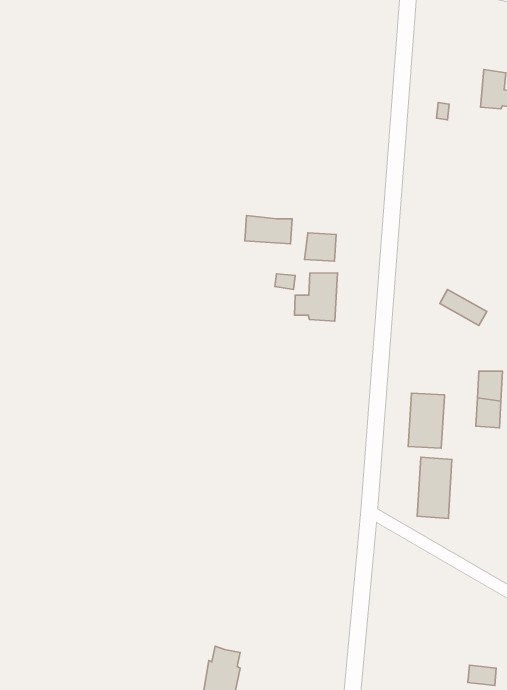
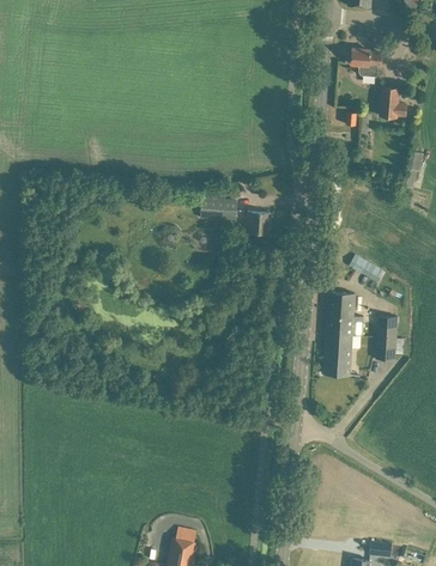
building: none -> [352,49,382,78]
building: [294,273,337,321] -> none
building: none -> [328,292,364,336]
building: [417,457,452,519] -> none

